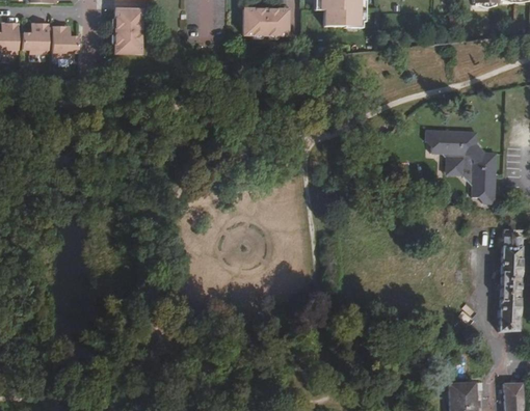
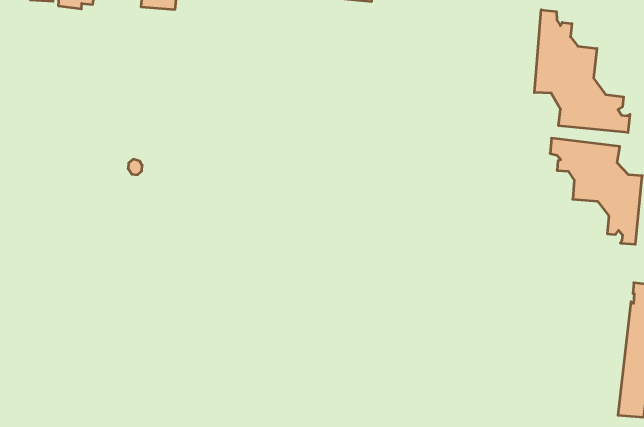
building: none -> [534,10,630,133]

